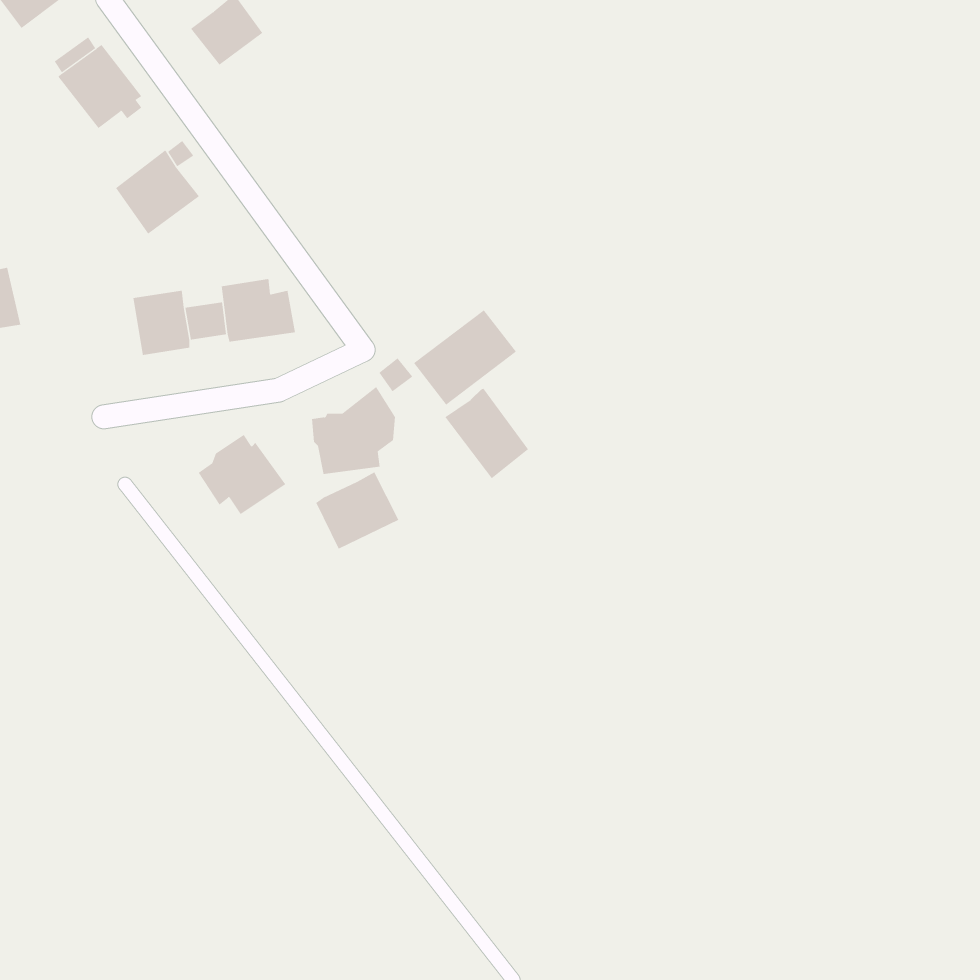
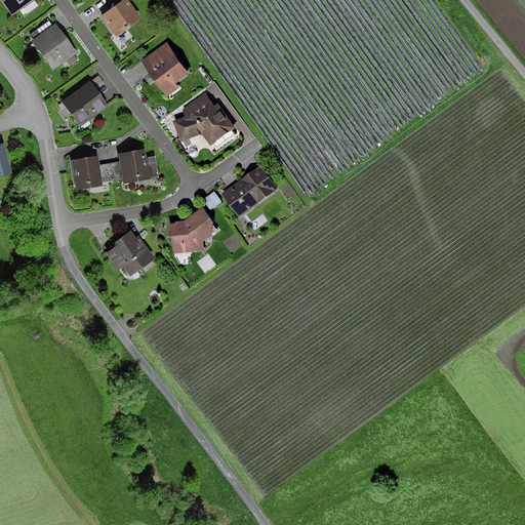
building: none -> [140,43,188,95]
building: none -> [172,92,235,145]
building: [445,388,529,479] -> none
building: [315,471,399,550] -> none

